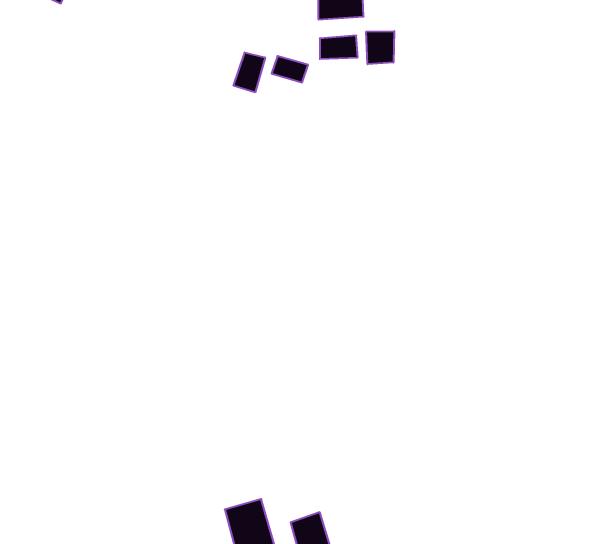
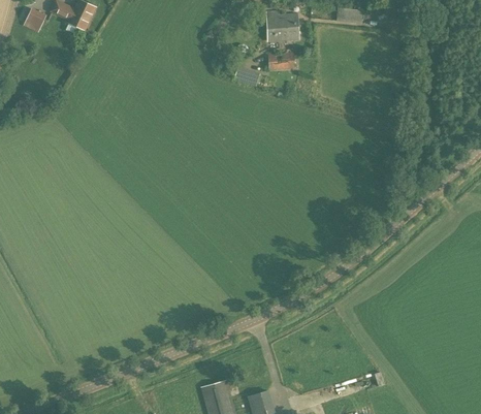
building: [366,31,394,64] -> none
building: [234,52,265,92] -> none

